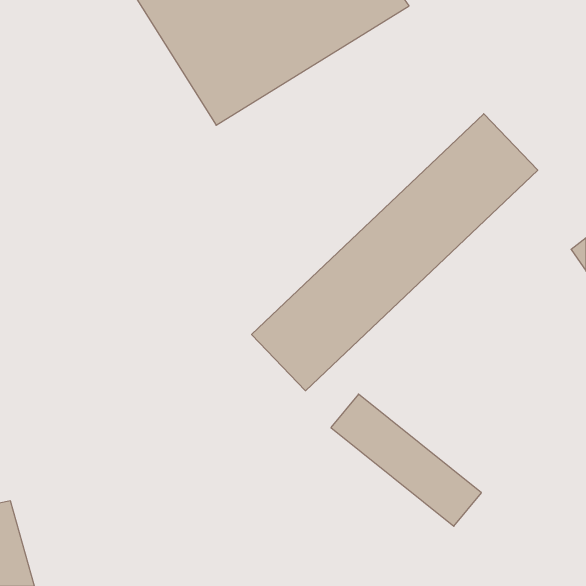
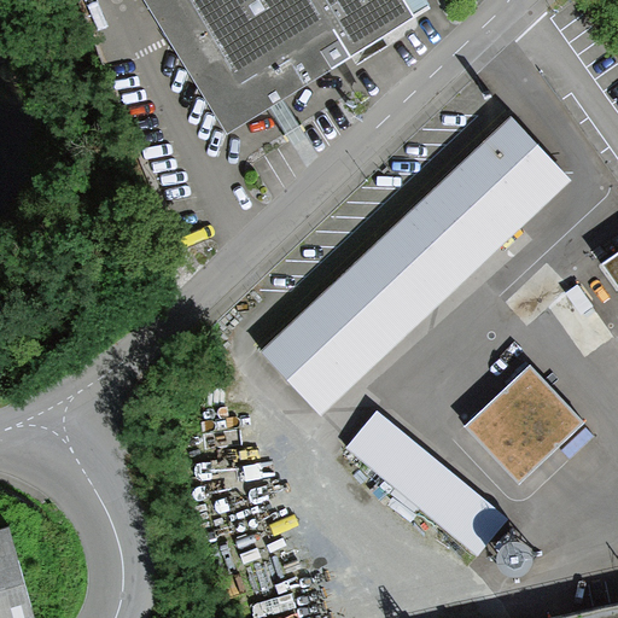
building: none -> [464,365,585,486]

